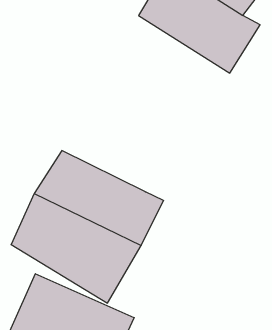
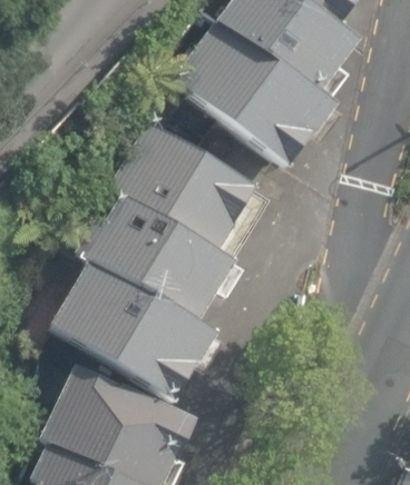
building: none -> [174,29,330,166]
building: none -> [111,126,258,257]

